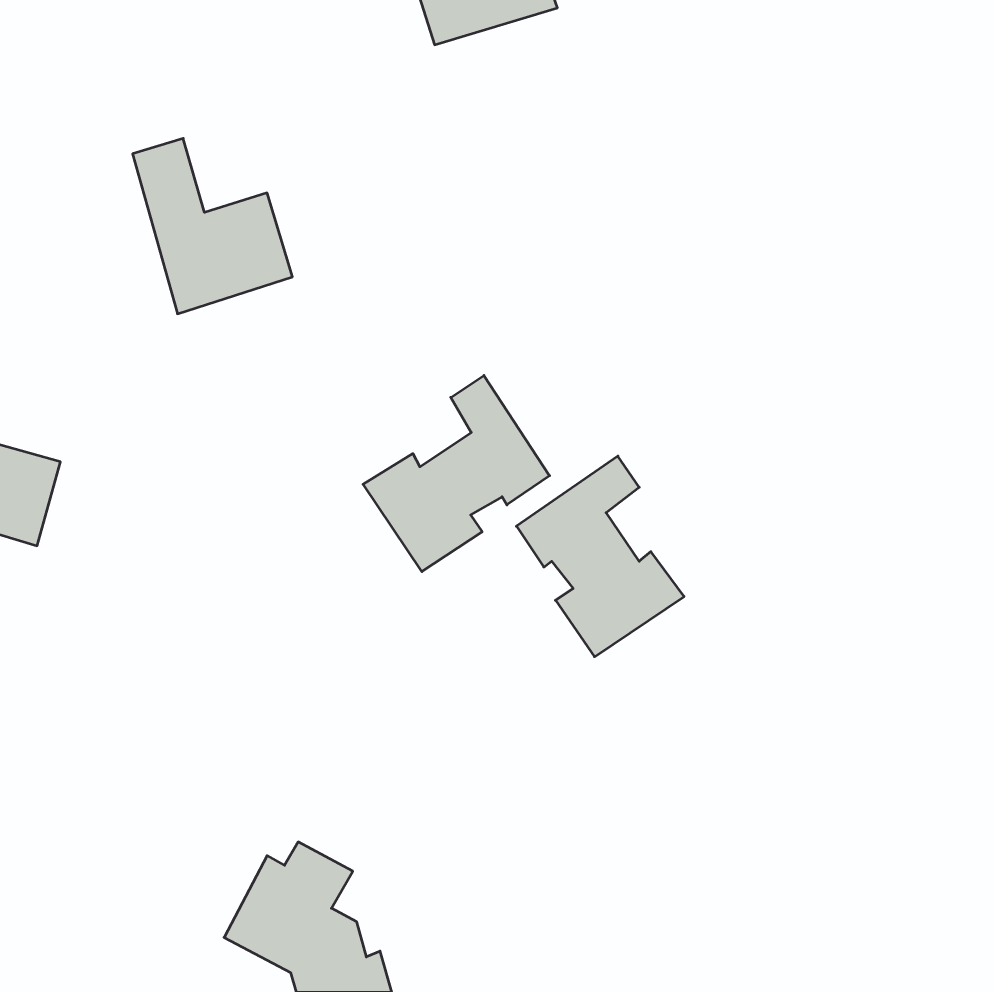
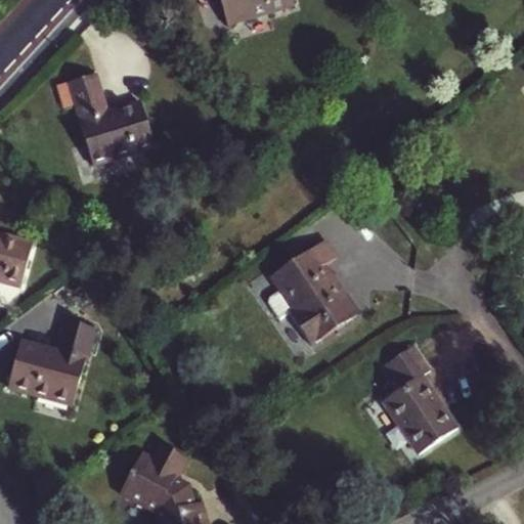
building: [363,375,550,572] -> none
building: none -> [9,320,93,402]
building: none -> [383,346,456,452]

